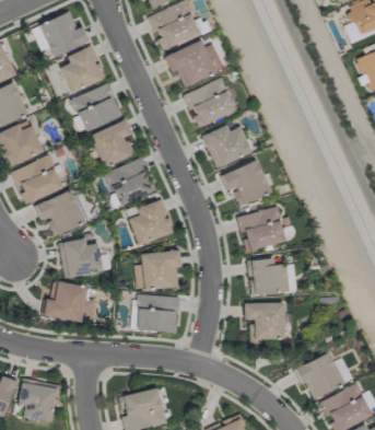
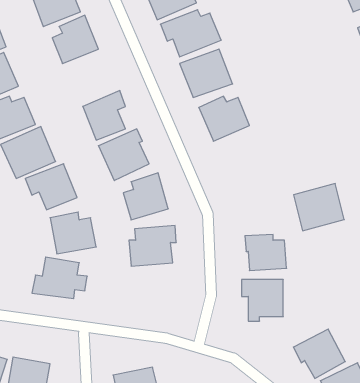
building: [70,83,122,132] -> none
building: [220,160,270,206] -> none
building: [237,206,286,252] -> [294,184,344,231]
building: [137,295,178,332] -> none

